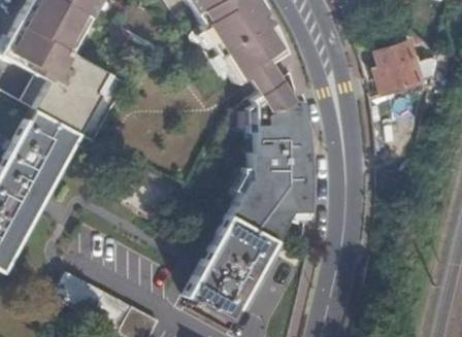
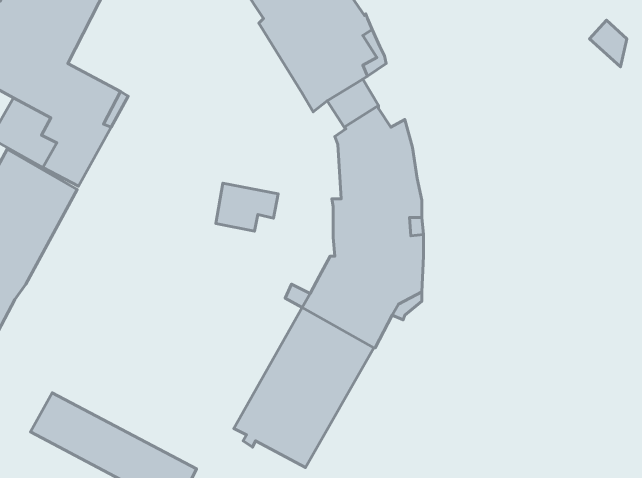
building: [376,42,423,92] -> none
building: none -> [216,183,278,231]

